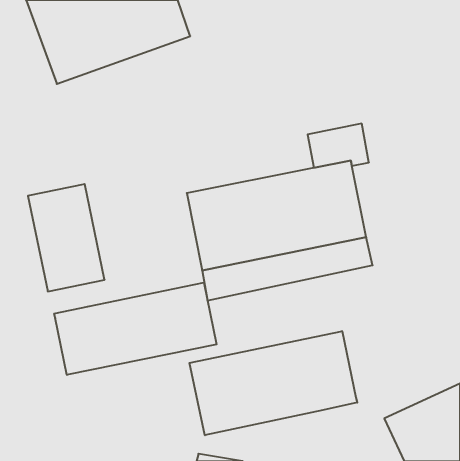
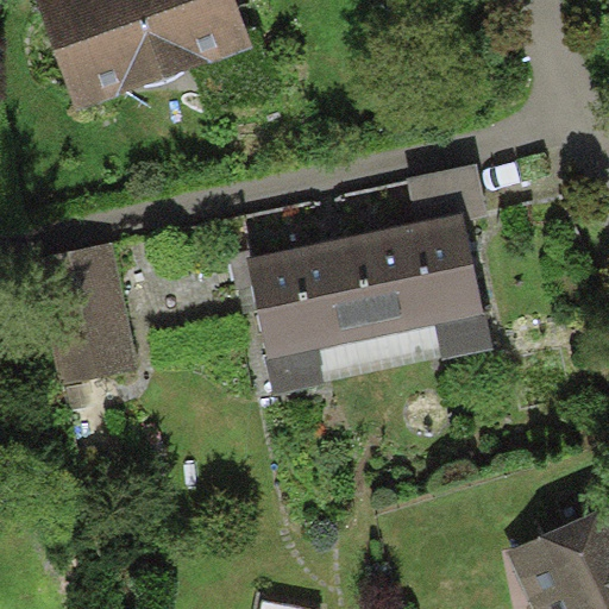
building: [54,282,217,375] -> none
building: [189,331,357,435] -> none

